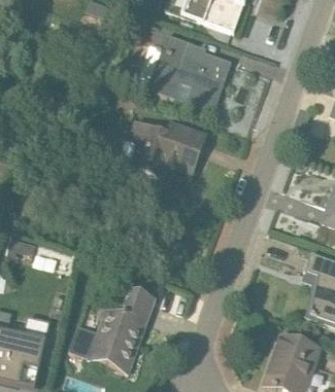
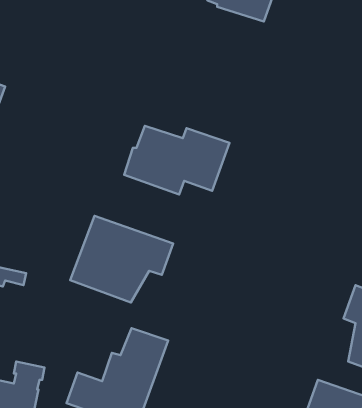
building: [147,33,232,106] -> none
building: none -> [70,216,173,302]

